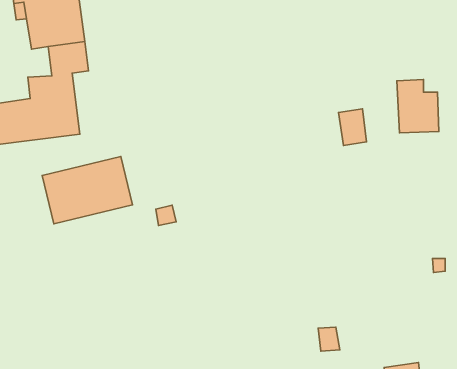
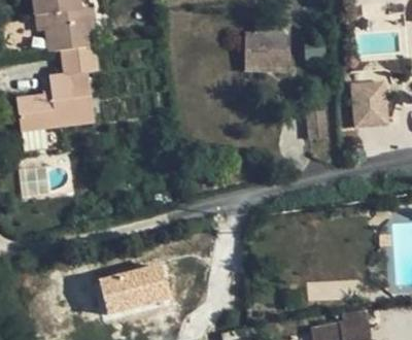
building: none -> [240,27,286,60]
building: [42,156,132,224] -> [96,257,169,311]

